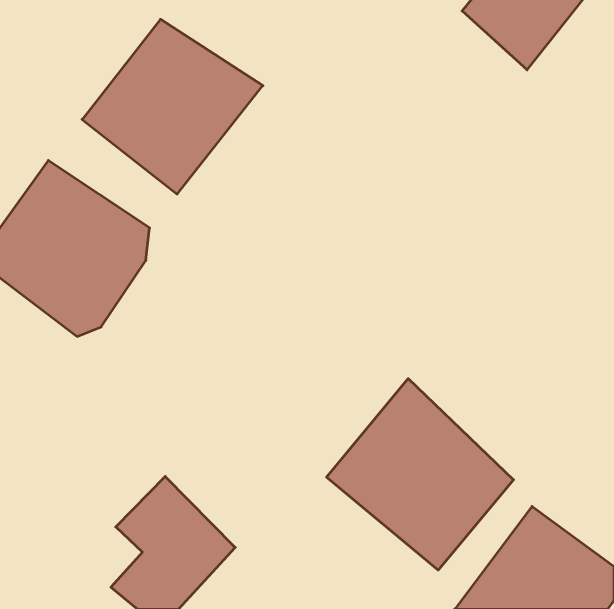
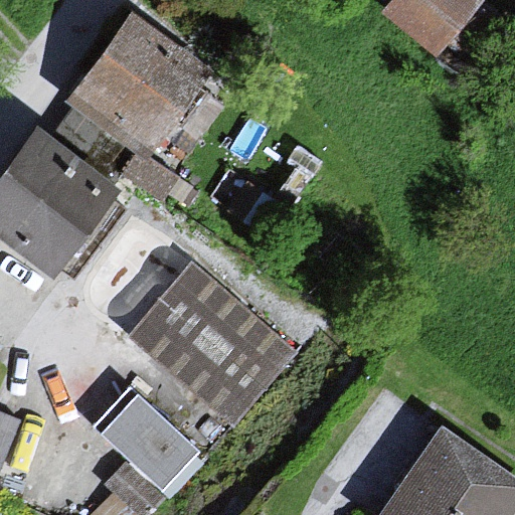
building: none -> [125,268,288,402]
building: [327,379,514,570] -> none

